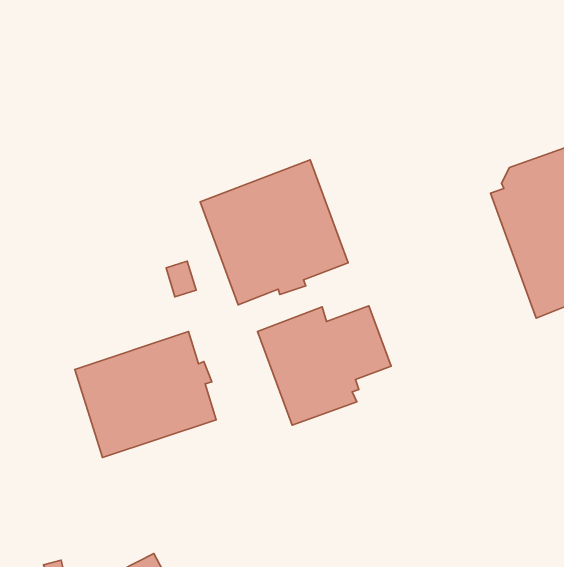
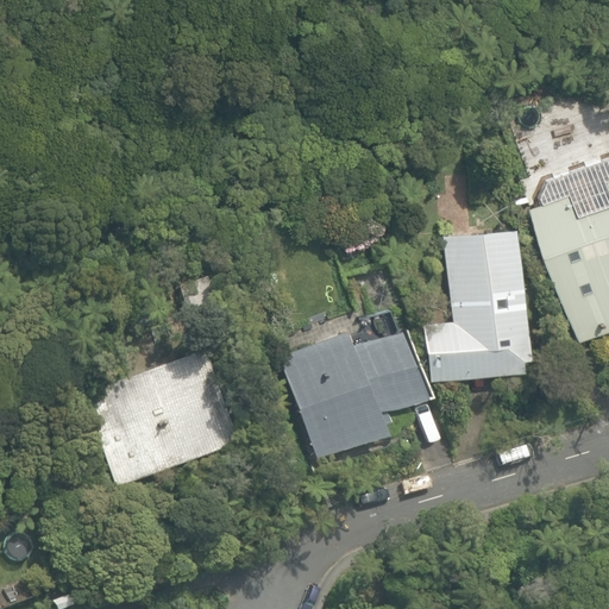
building: [200,160,348,305] -> none
building: none -> [426,230,530,381]

